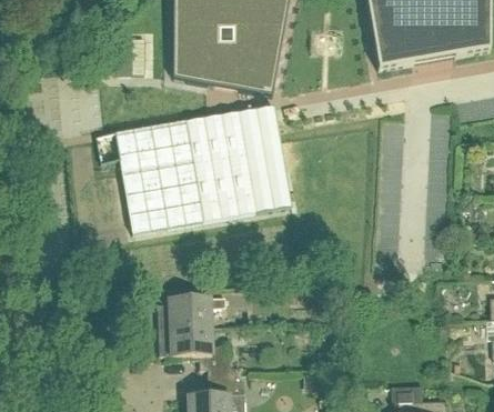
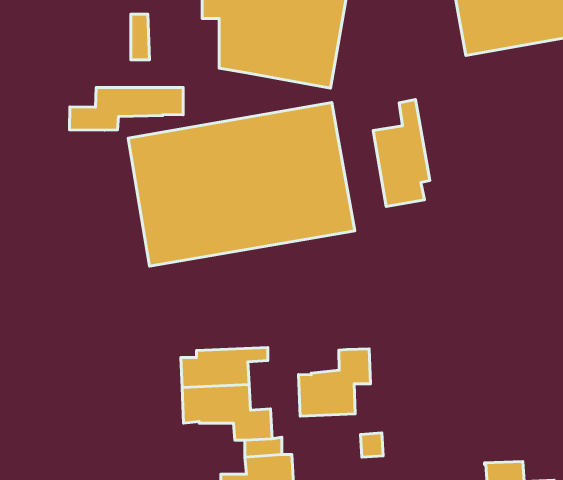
building: none -> [69,87,183,130]
building: none -> [373,100,430,206]
building: none -> [298,349,371,416]

